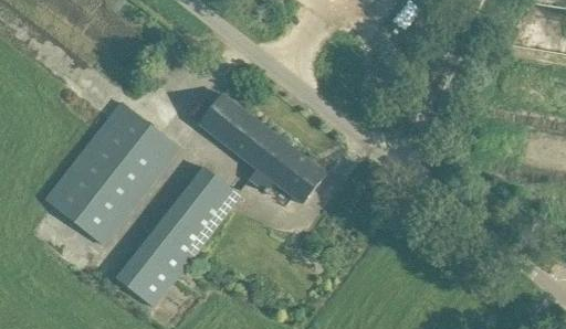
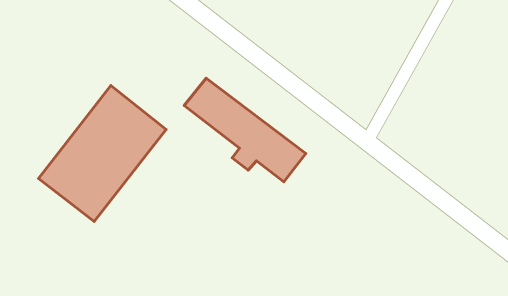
building: [116,164,240,305] -> none

